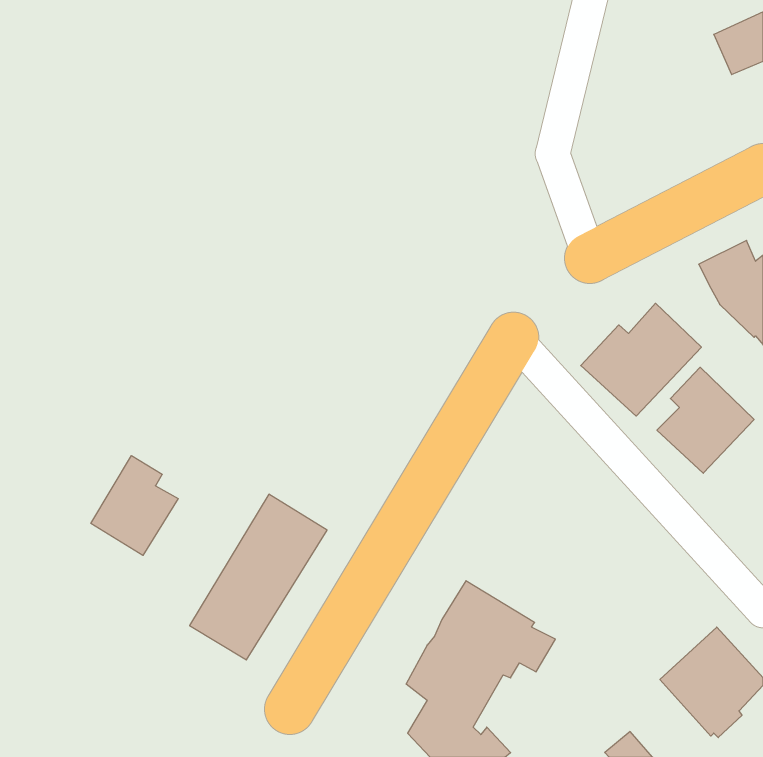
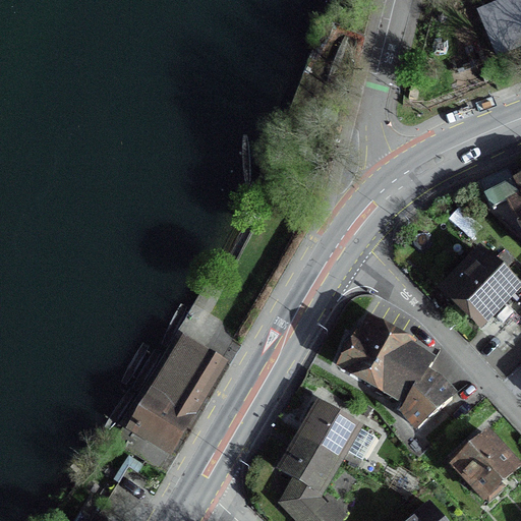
building: [581,303,701,416] -> none
building: [91,456,178,555] -> none
building: none -> [336,313,458,430]

